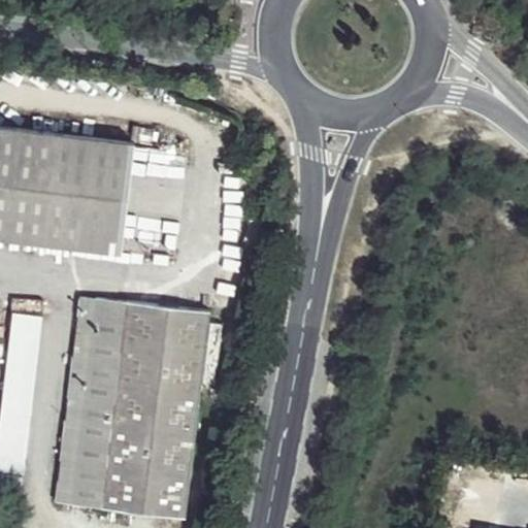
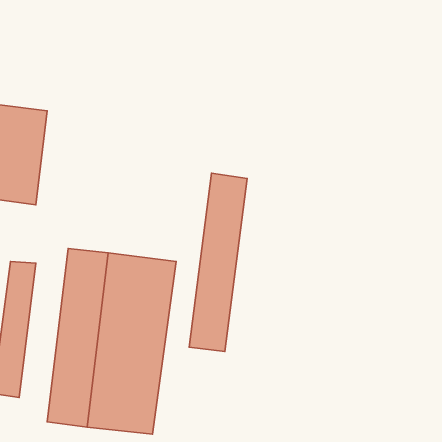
building: [42,135,132,256] -> none
building: none -> [189,173,247,351]

